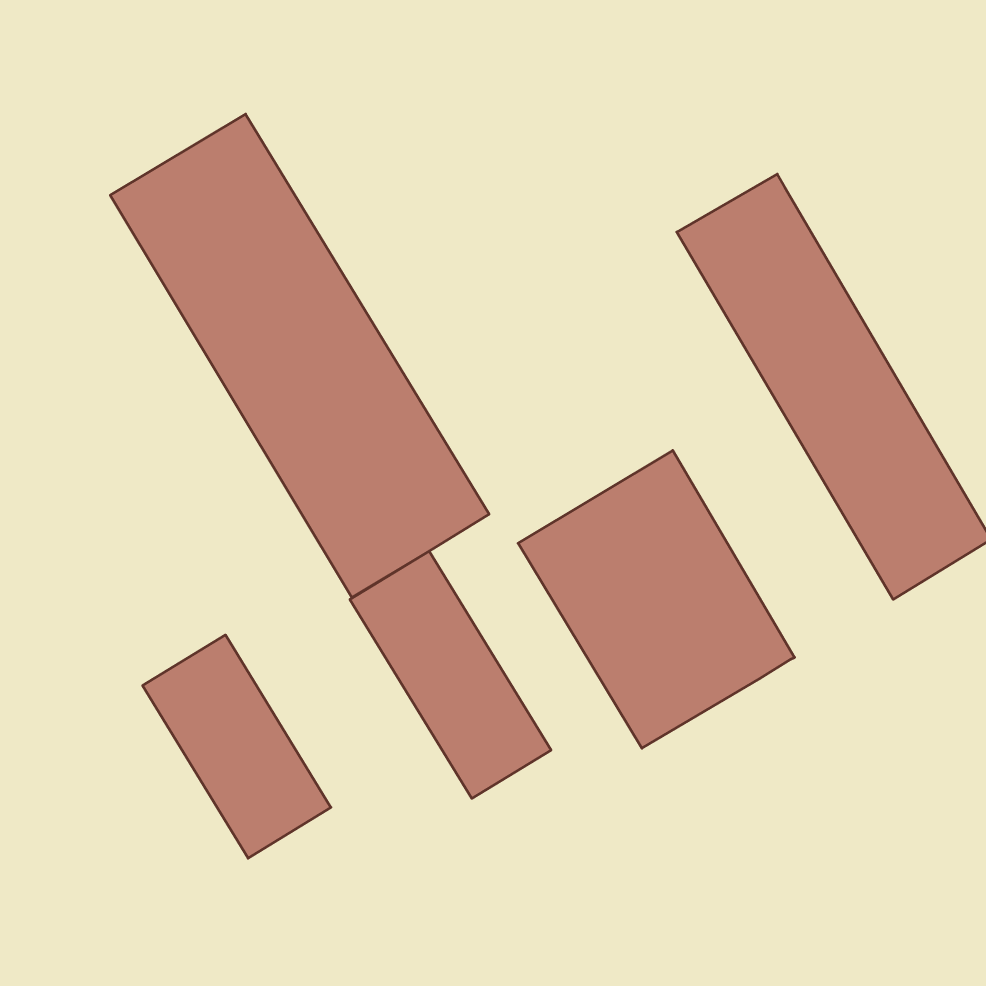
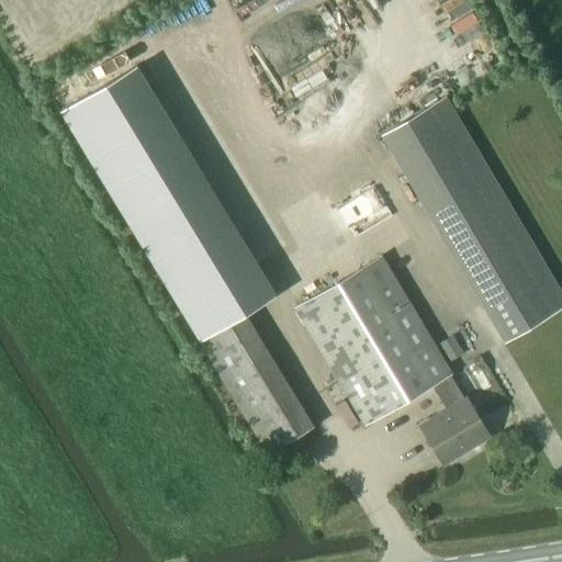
building: [143,635,331,858] -> none
building: none -> [422,375,490,464]

